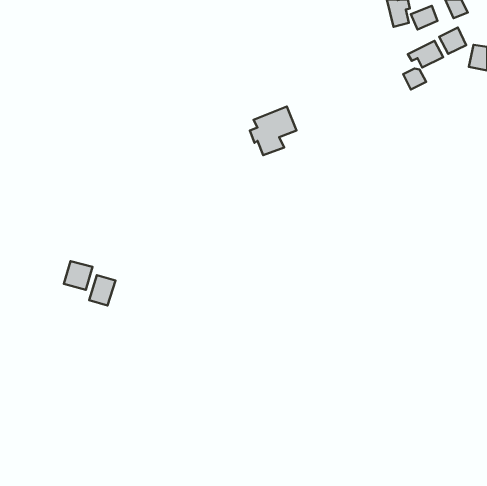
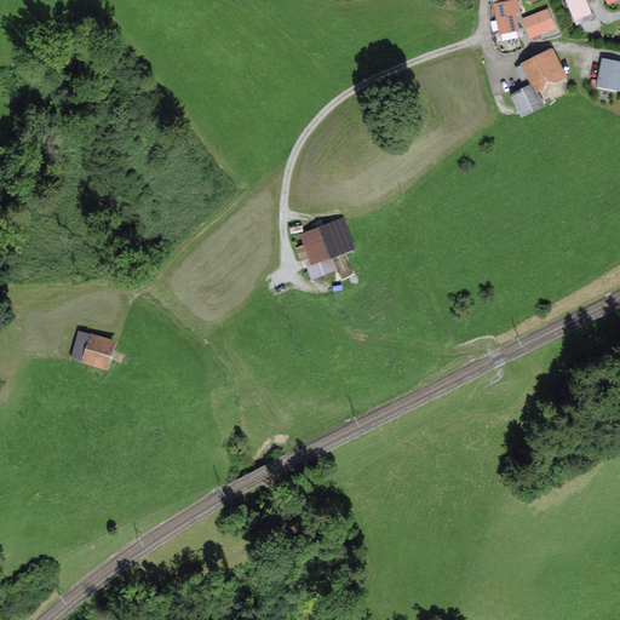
building: [439,28,466,54] -> none
building: [250,107,296,155] -> [295,217,355,279]
building: [89,275,115,305] -> none

